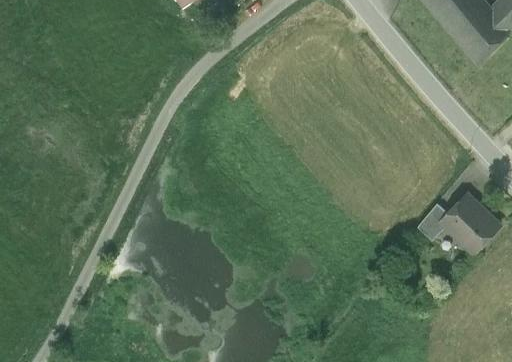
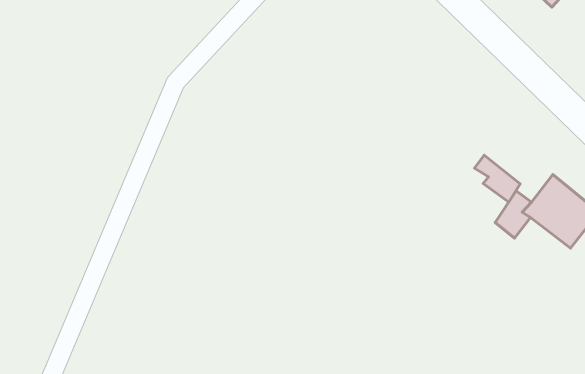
building: none -> [475,155,520,202]

